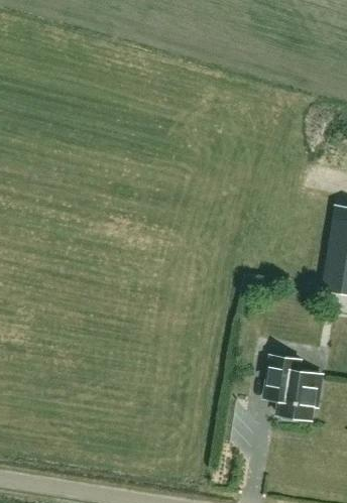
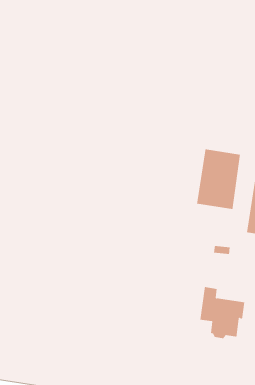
building: none -> [197,149,240,210]

